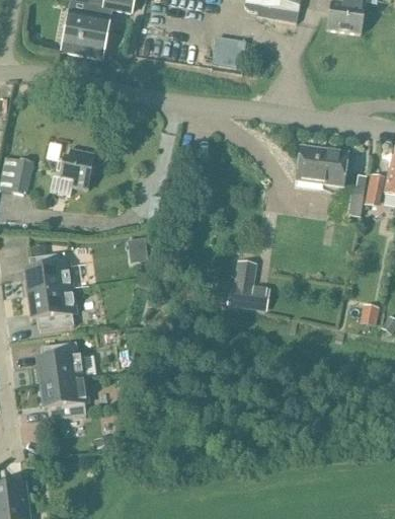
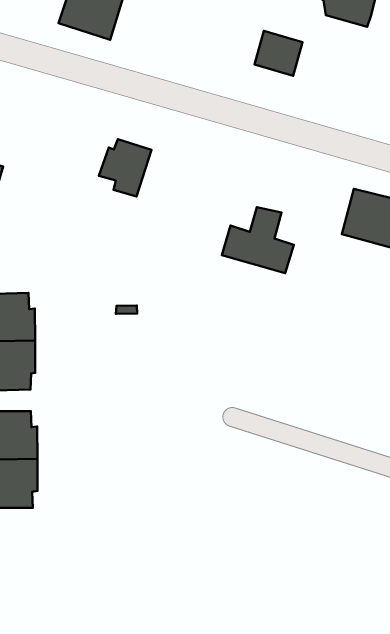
building: [58,149,95,191] -> [99,139,151,196]
building: [217,264,270,311] -> [222,207,294,273]

